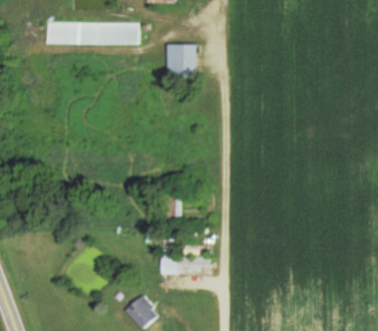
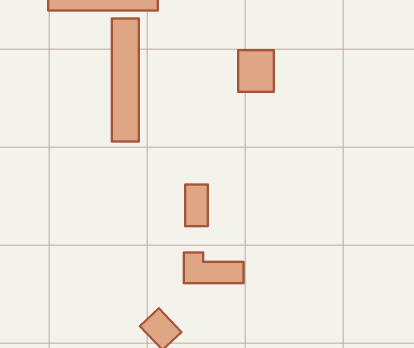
building: [168,44,199,79] -> [238,50,274,92]
building: none -> [112,19,139,142]

